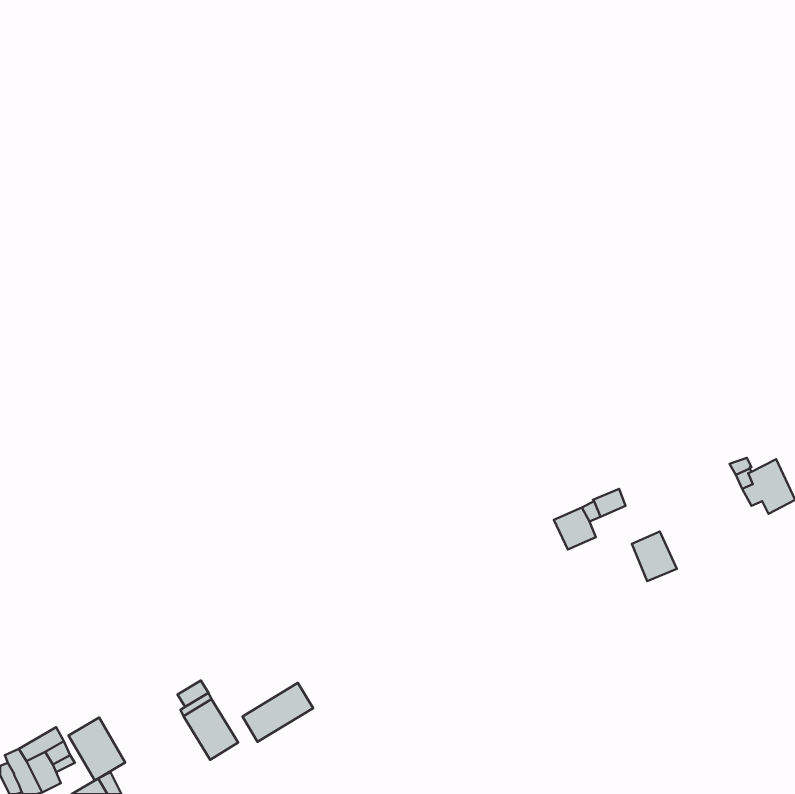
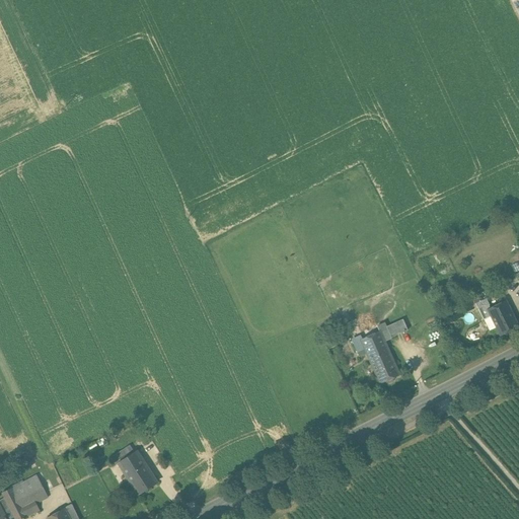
building: [632,531,677,581] -> [370,350,399,382]
building: [242,683,313,742] -> none
building: [68,718,125,780] -> none

